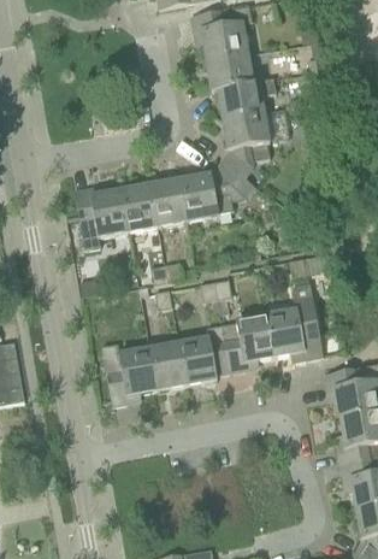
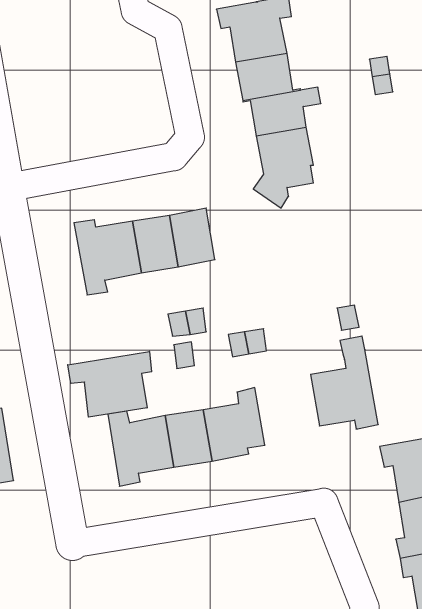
building: [182,163,254,220] -> none
building: none -> [68,351,152,417]
building: [222,314,274,372] -> none

